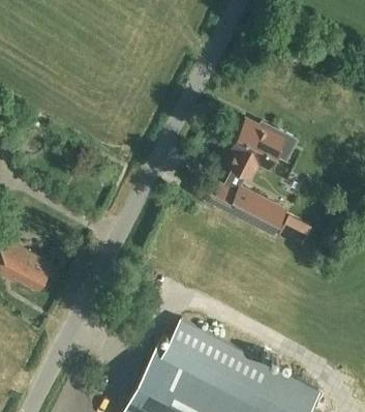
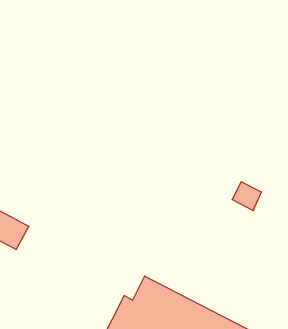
building: [207,120,297,233] -> none

